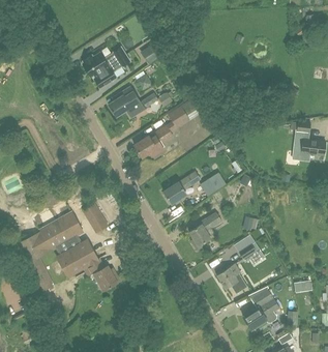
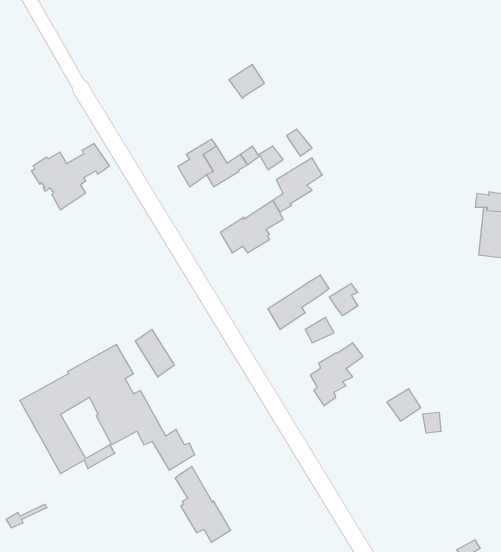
building: [83,47,130,87] -> [31,144,109,210]
building: [216,262,247,293] -> none
building: none -> [175,466,230,542]
building: [243,288,279,328] -> none

